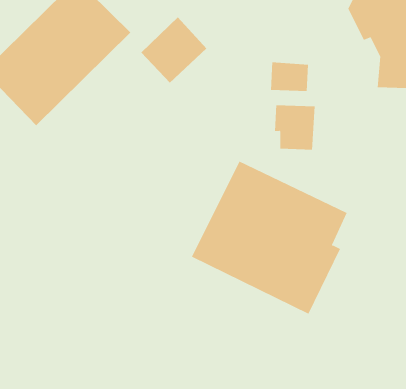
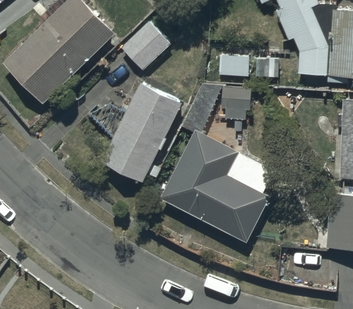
building: none -> [104,80,184,179]

